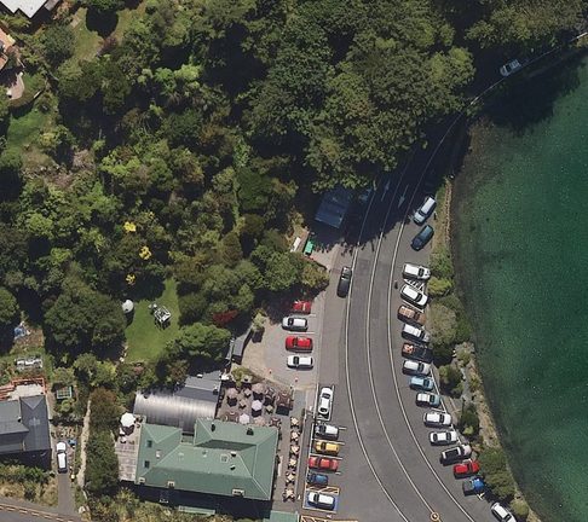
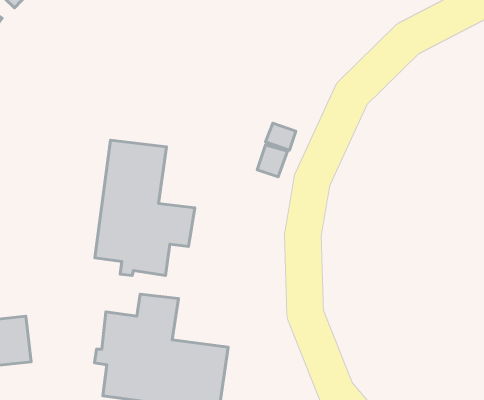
building: none -> [95,140,195,276]

